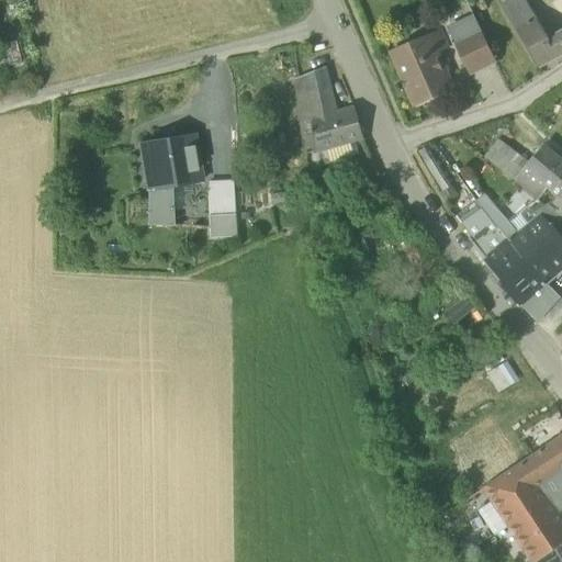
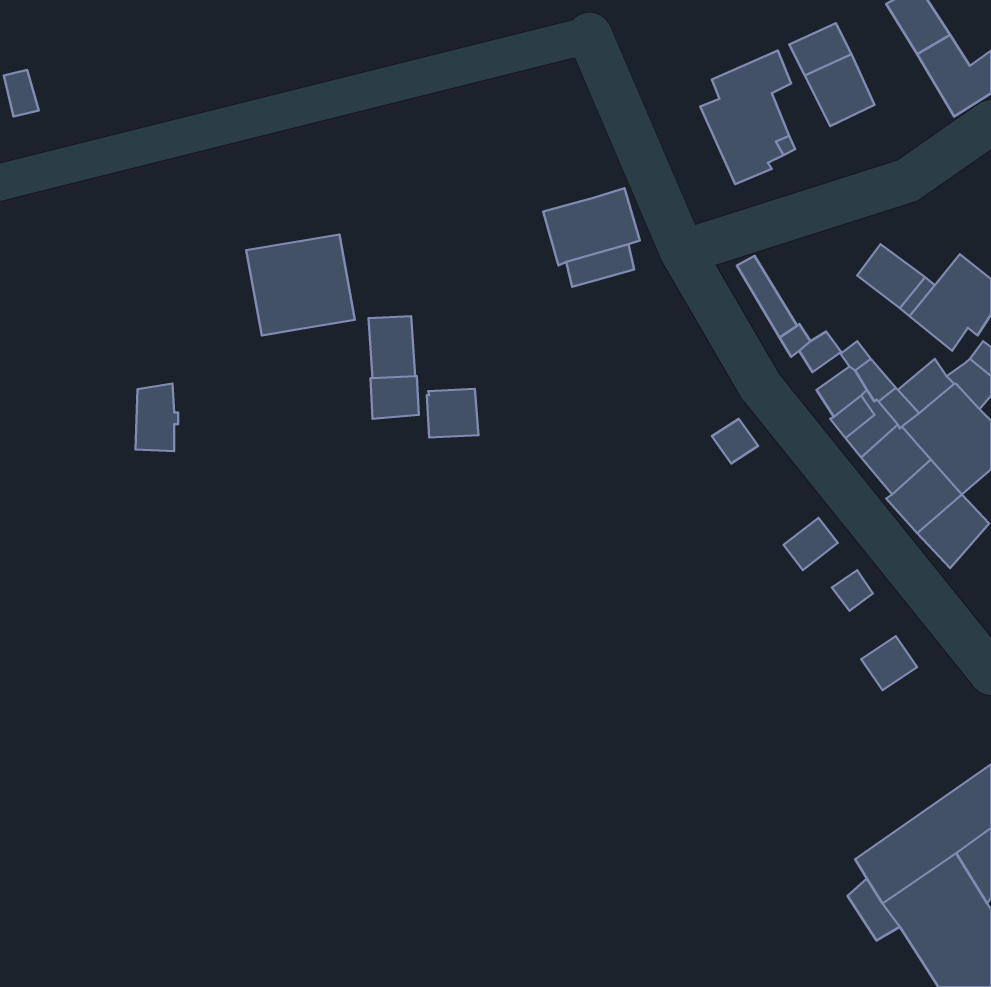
building: [297,67,336,153] -> none
building: [147,187,171,225] -> [136,383,178,451]
building: none -> [427,389,478,437]

